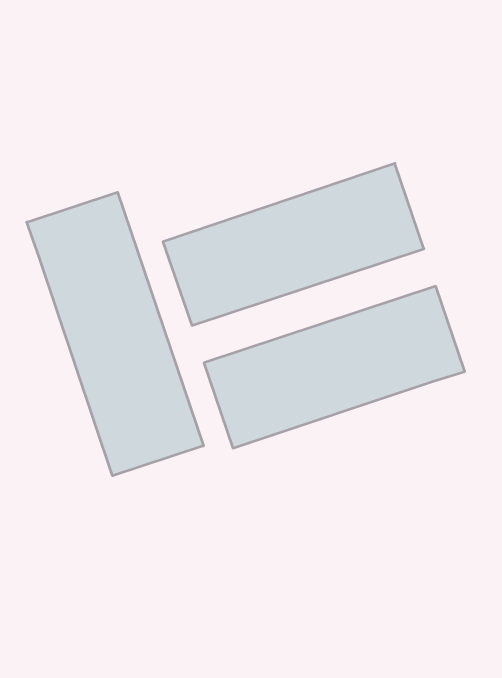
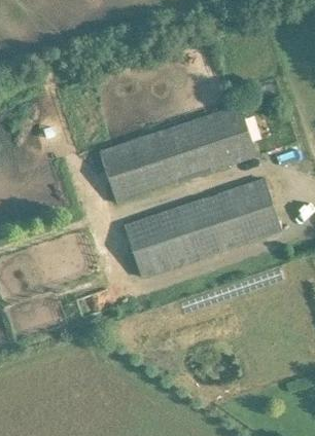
building: [27,192,203,476] -> none

